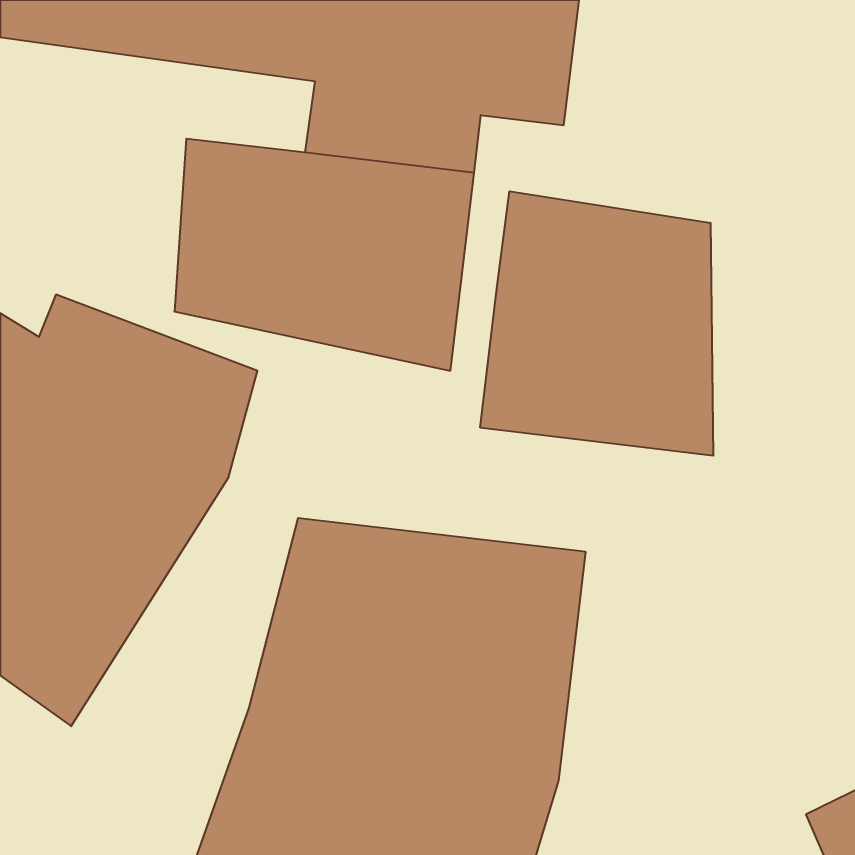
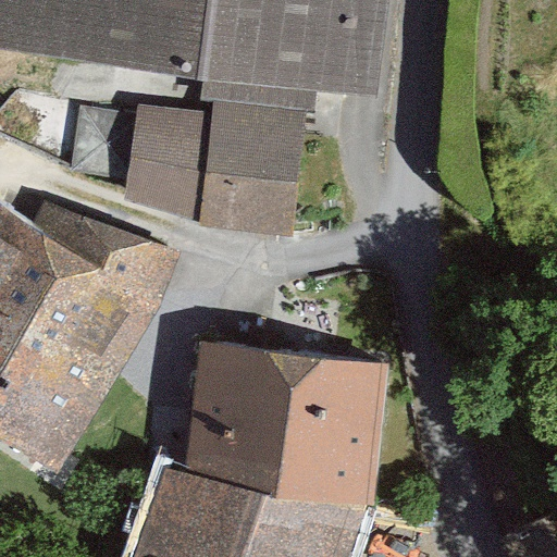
building: [480,191,713,456] -> none

